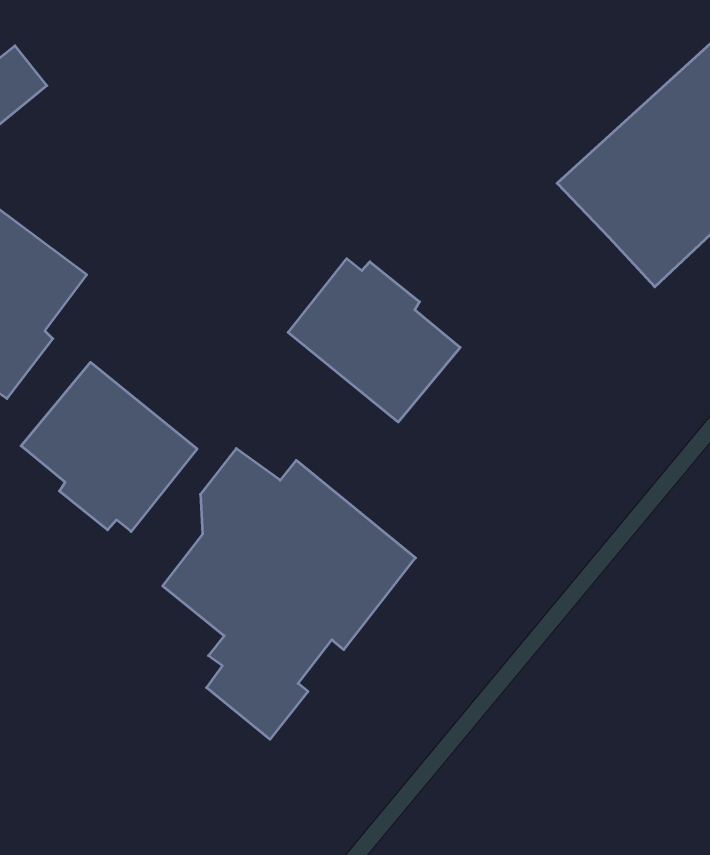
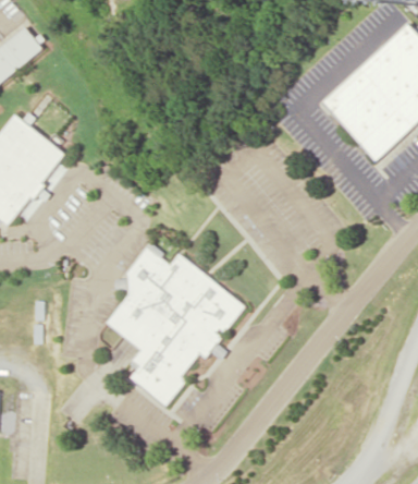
building: [288,259,460,422] -> none
building: [21,362,197,532] -> none

